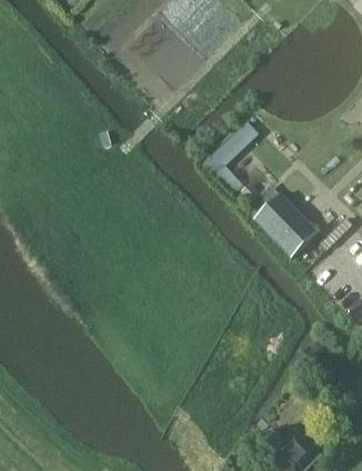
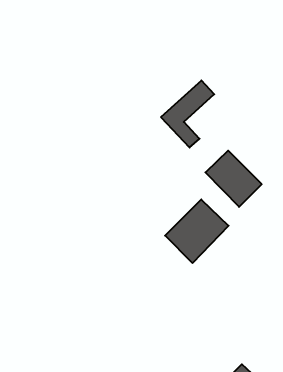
building: none -> [165,199,229,263]

